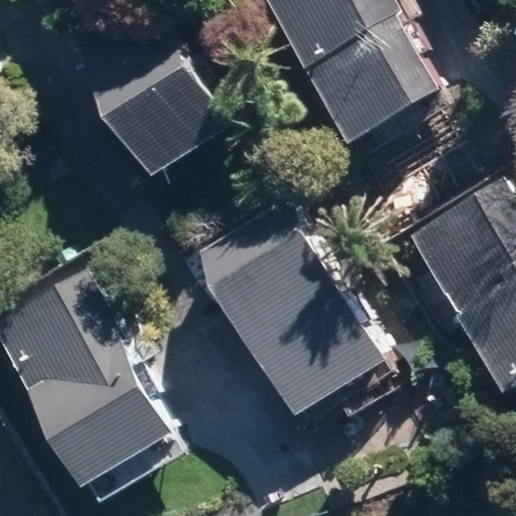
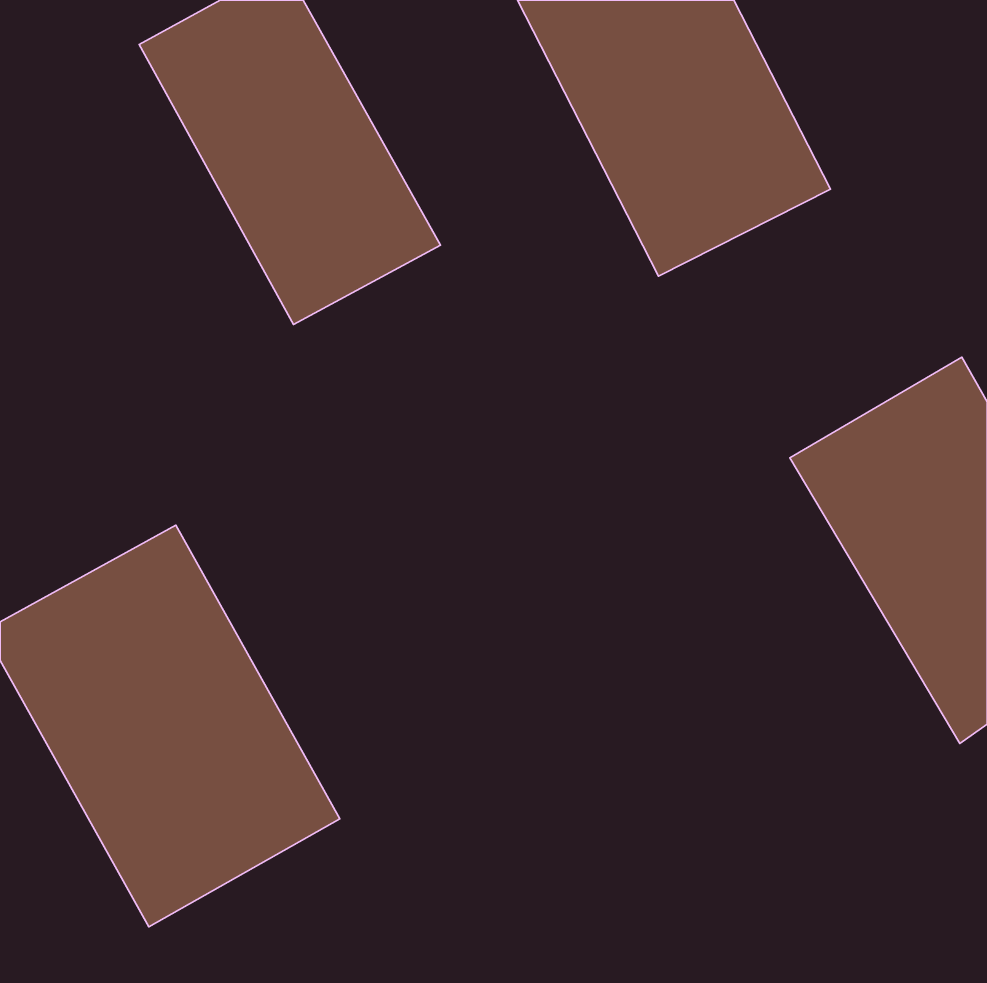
building: [200,203,381,409] -> none

